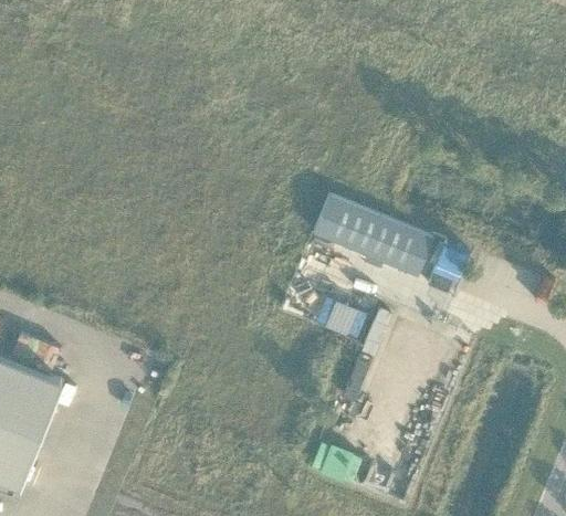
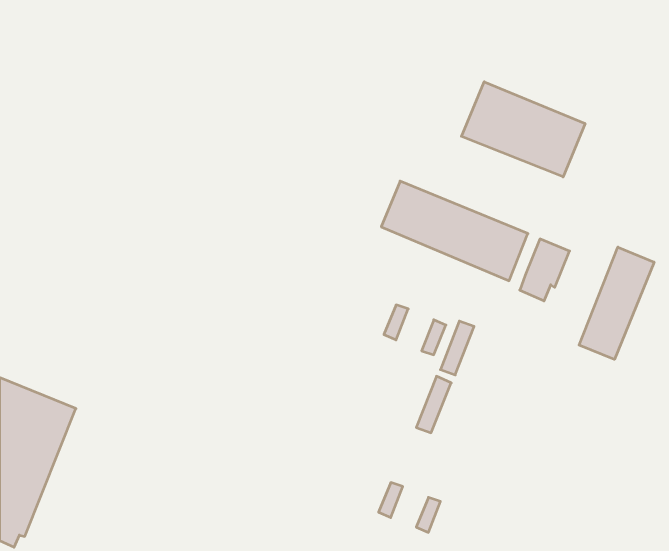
building: none -> [461,82,585,177]
building: none -> [579,247,654,359]

